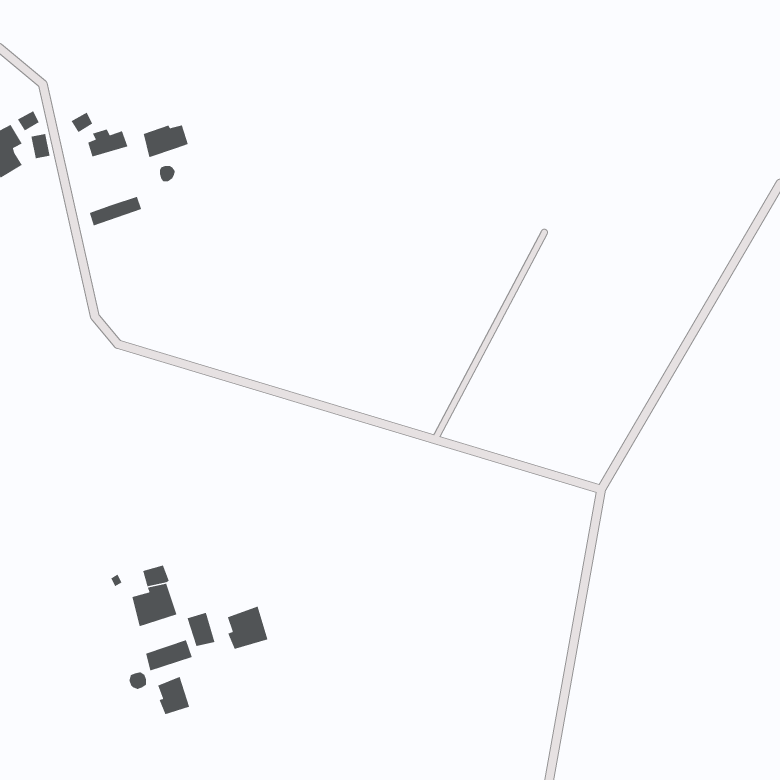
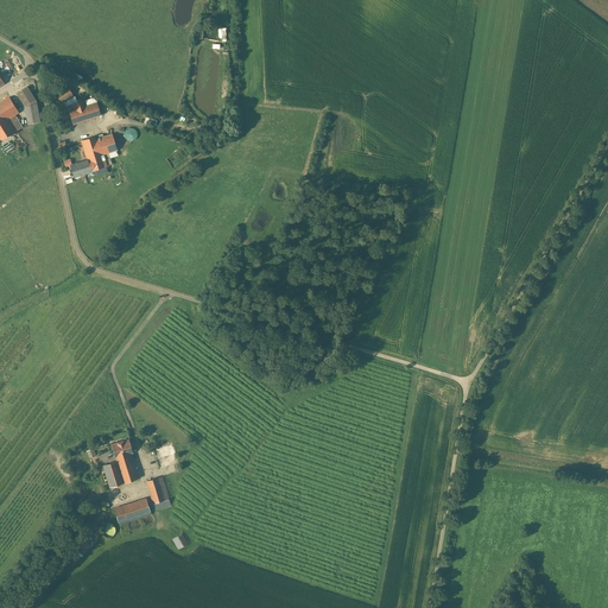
building: [143,124,189,158] -> [81,133,116,159]
building: [227,606,269,650] -> none
building: [157,676,190,715] -> none

